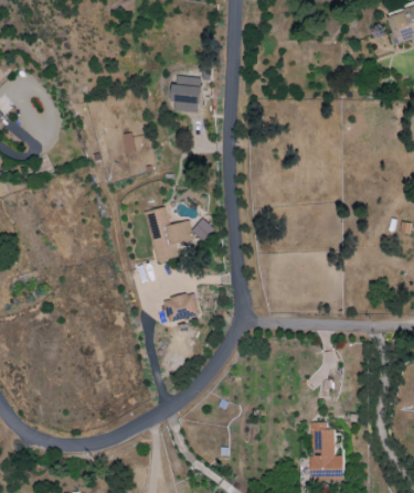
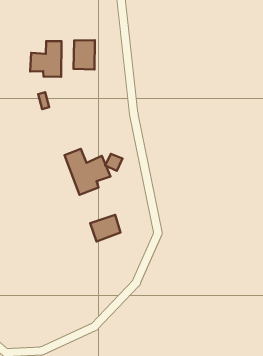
building: none -> [30,41,62,77]
building: [310,421,343,476] -> none

